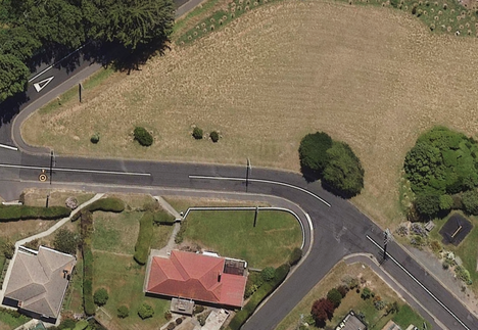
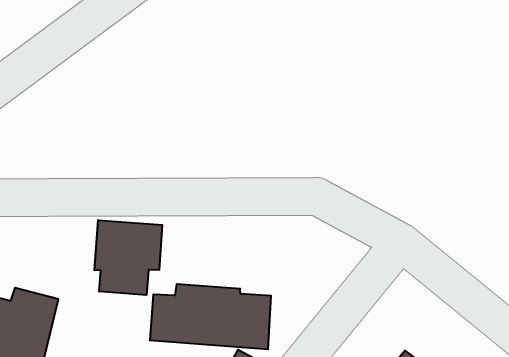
building: none -> [94,220,162,295]

